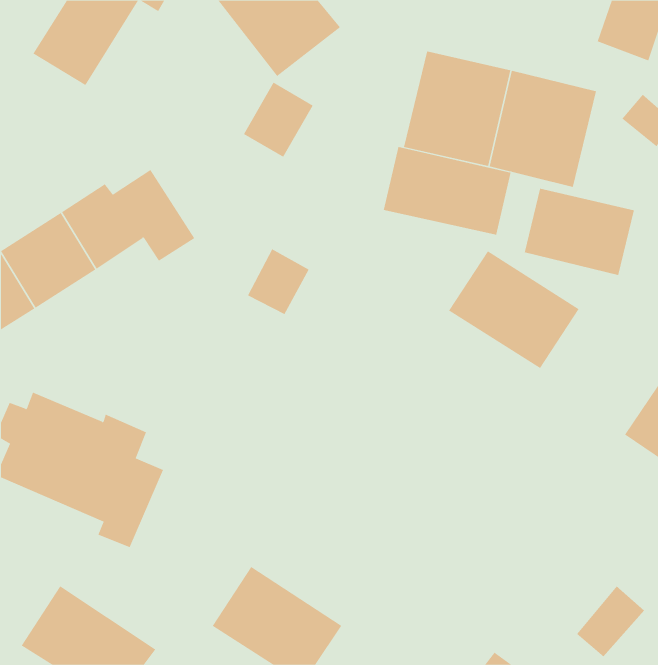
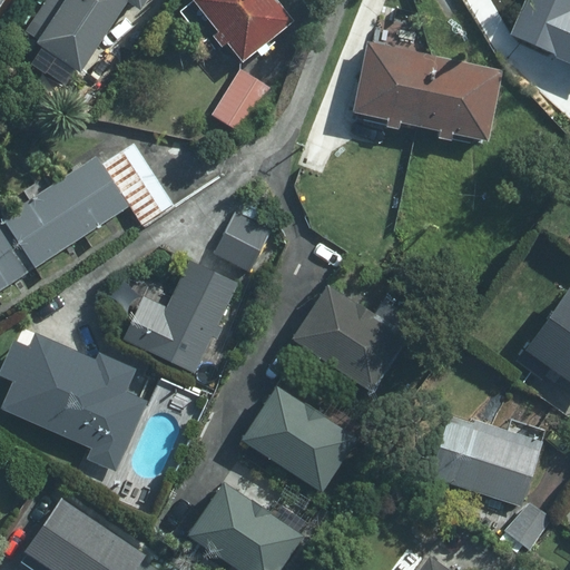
building: [383,146,511,236] -> none
building: [524,188,635,276] -> none
building: [448,250,580,369] -> [292,287,404,389]
building: none -> [124,262,237,372]
building: none -> [242,387,353,490]
building: none -> [429,416,541,503]

